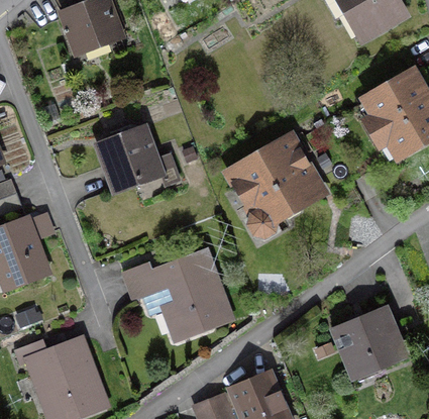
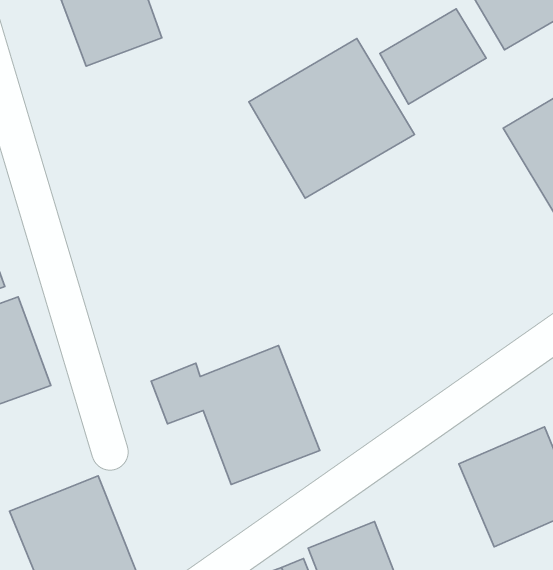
building: none -> [380,9,486,104]
building: [94,126,166,198] -> none
building: [220,127,333,236] -> [249,38,414,198]

